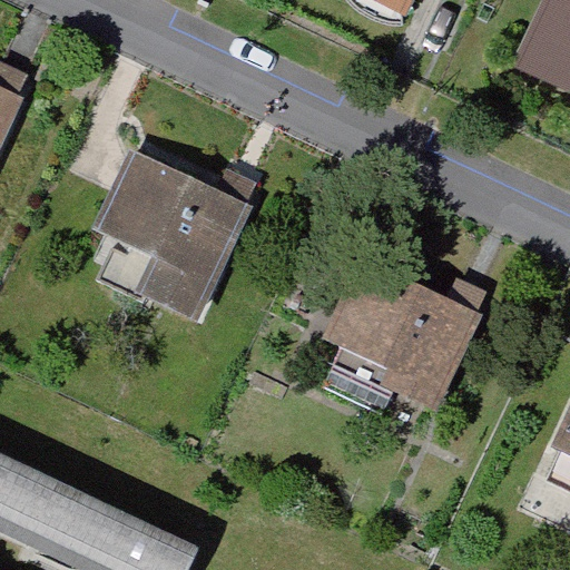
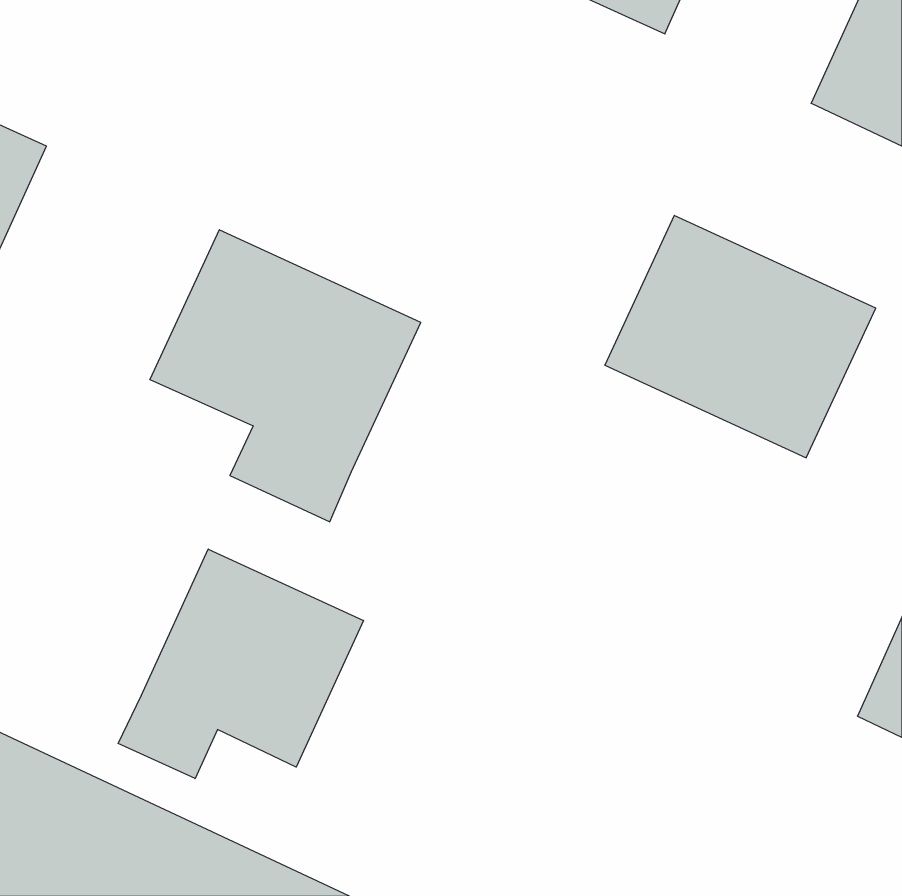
building: [321,253,490,404] -> [605,215,876,458]
building: none -> [118,549,363,779]

